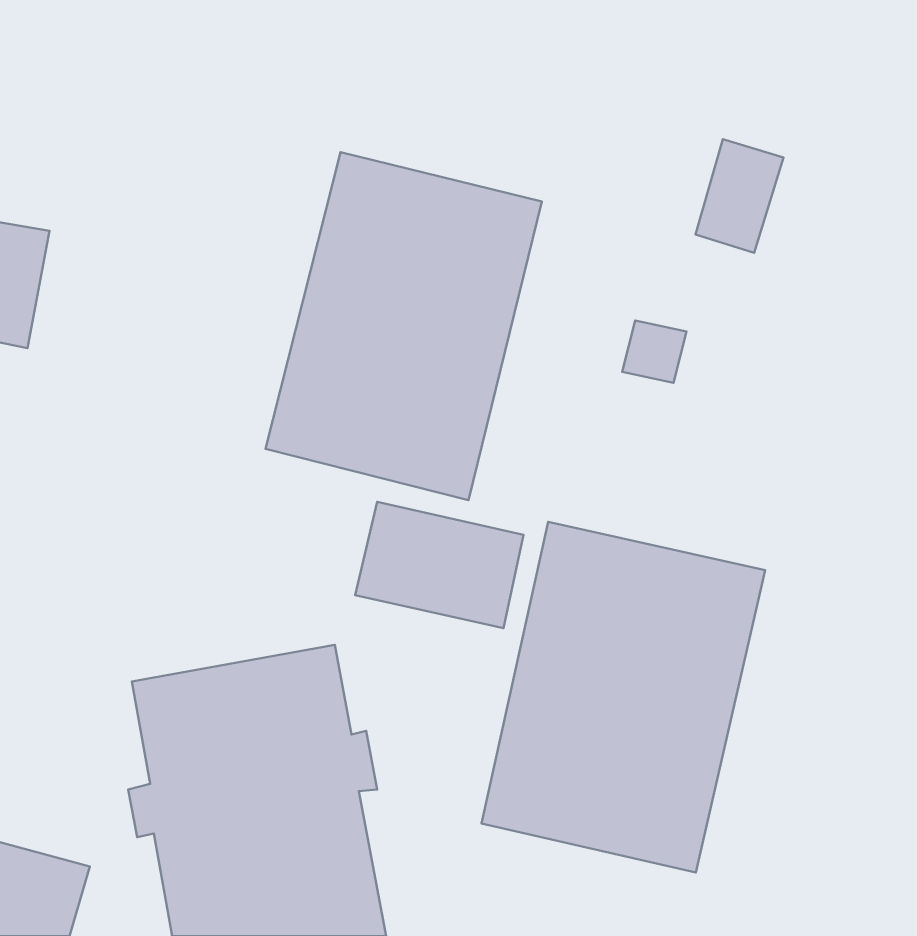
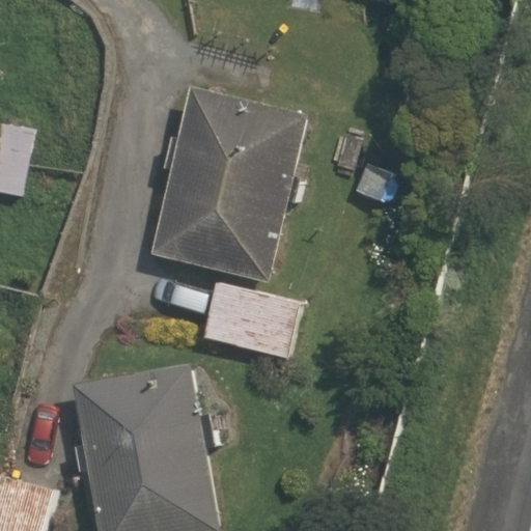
building: [481,522,765,873] -> none

